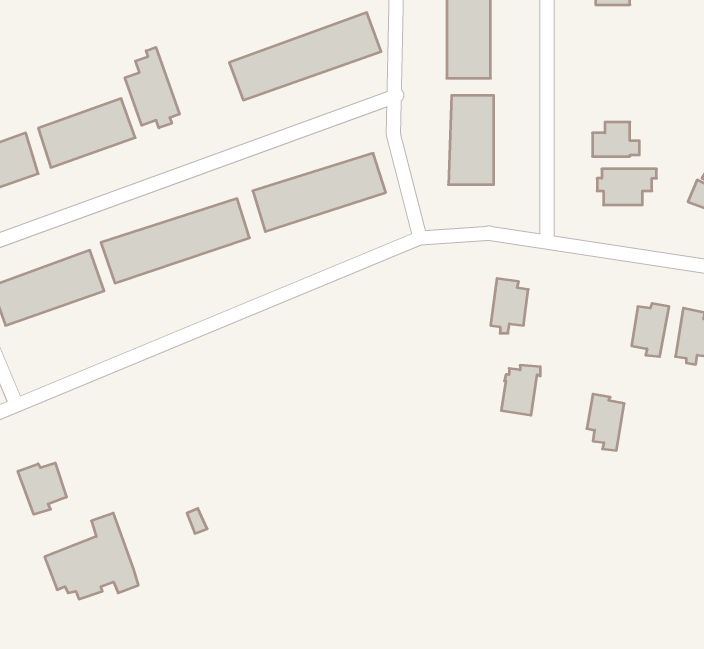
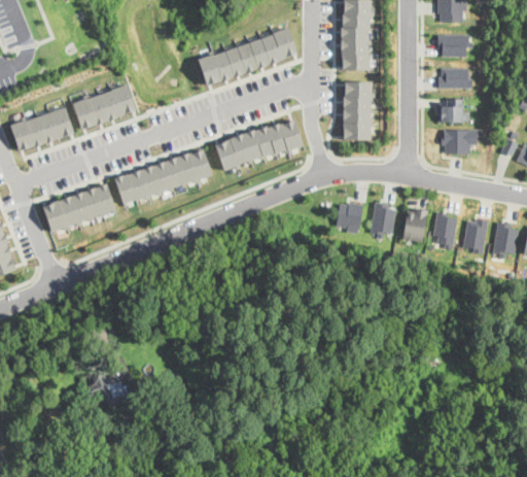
building: none -> [437,34,472,57]
building: [125,47,179,128] -> none
building: none -> [437,68,471,89]
building: none -> [335,202,362,234]
building: [501,365,540,415] -> [401,208,427,241]
building: [587,394,624,450] -> [432,212,457,249]
building: [18,463,66,514] -> none

